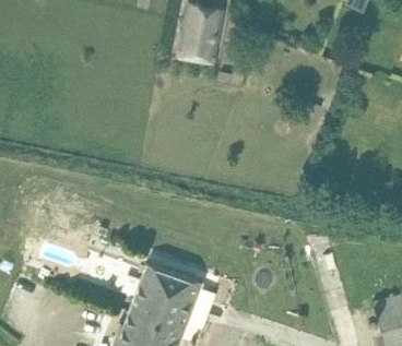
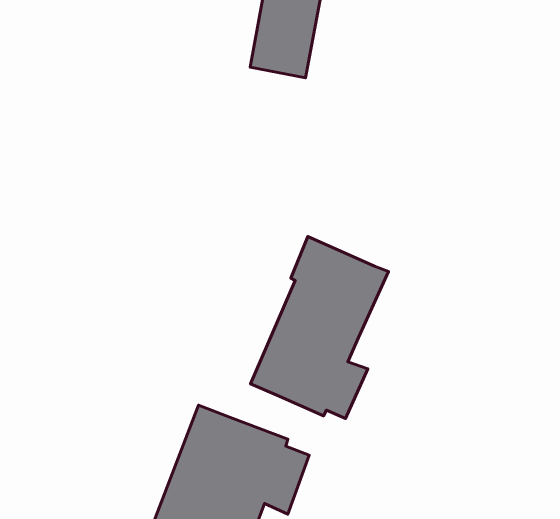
building: none -> [250,236,388,419]

